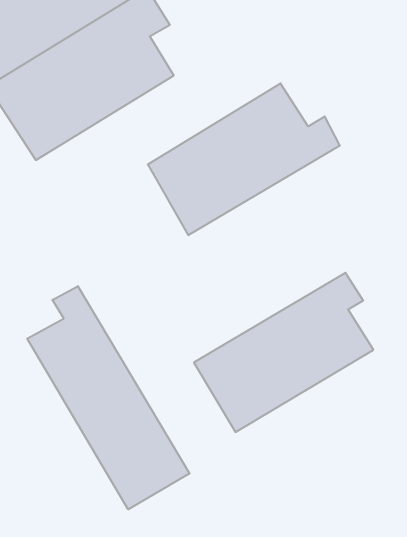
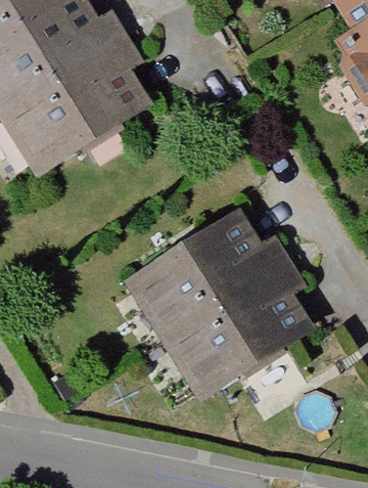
building: [148,83,340,235] -> [130,216,285,339]
building: [27,286,189,509] -> none

